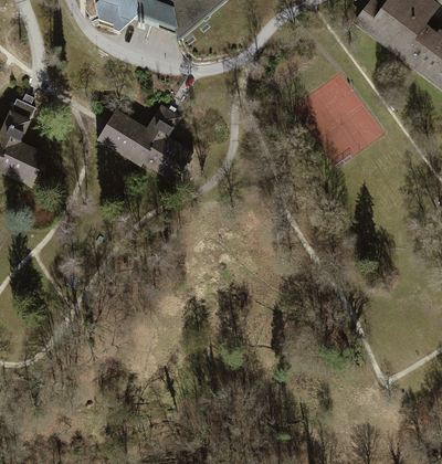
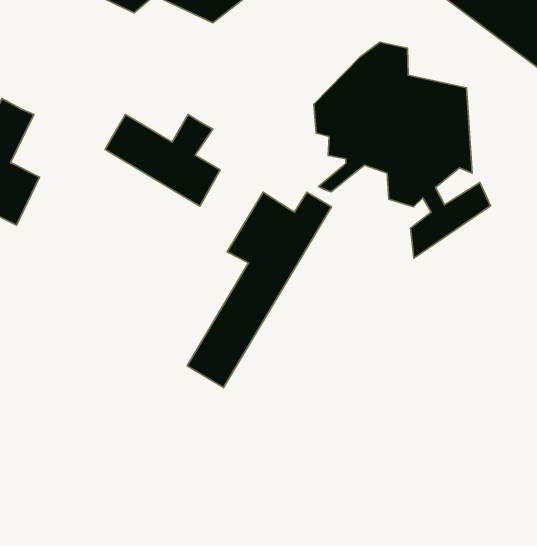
building: none -> [314,42,491,258]
building: none -> [187,192,332,387]

